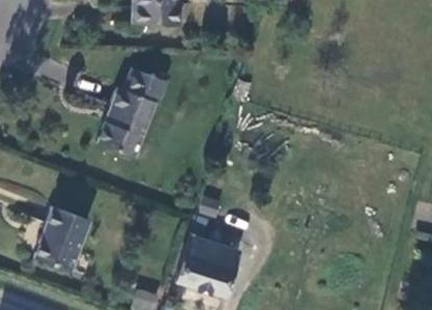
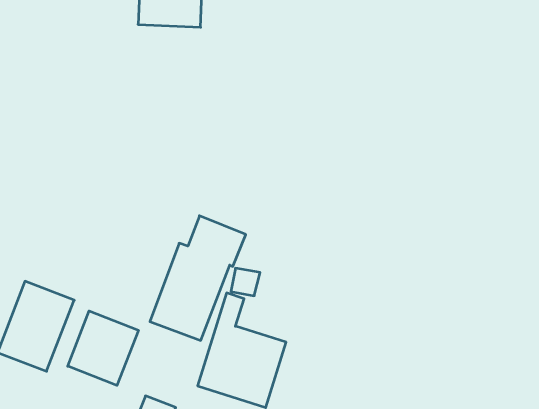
building: [96,68,165,158] -> [150,216,246,340]
building: none -> [68,311,138,385]

